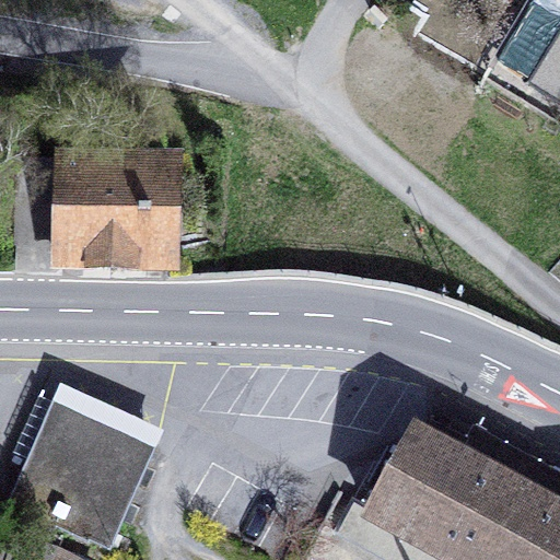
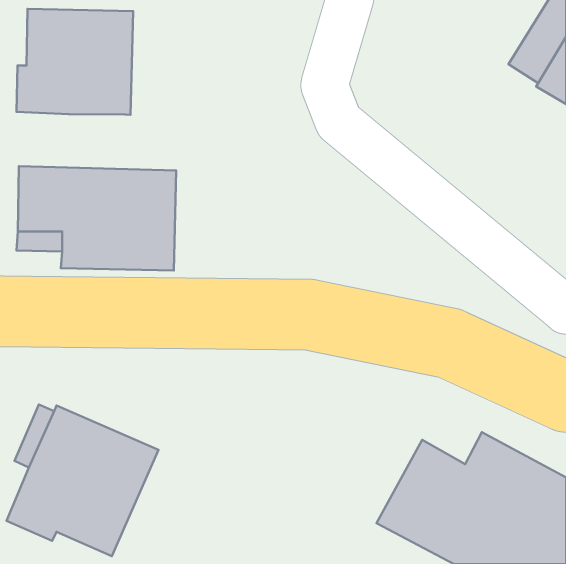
building: none -> [16,9,133,115]

